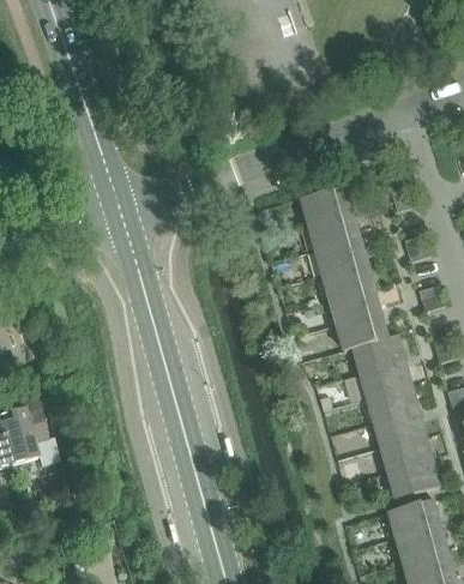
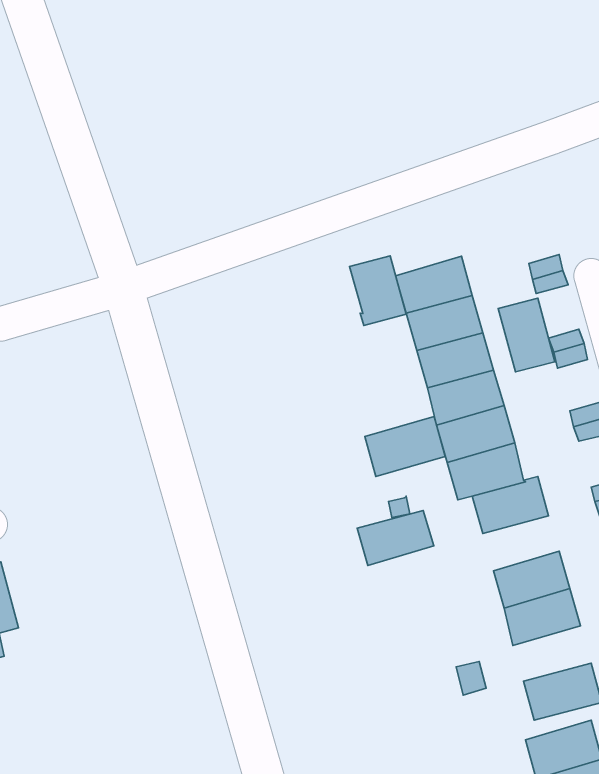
building: none -> [350,256,406,326]
building: none -> [498,298,555,372]
building: none -> [365,416,445,476]
building: [360,362,411,399] -> [357,510,434,565]
building: [380,437,433,474] -> none

